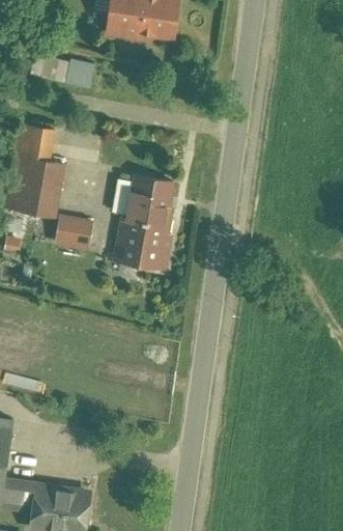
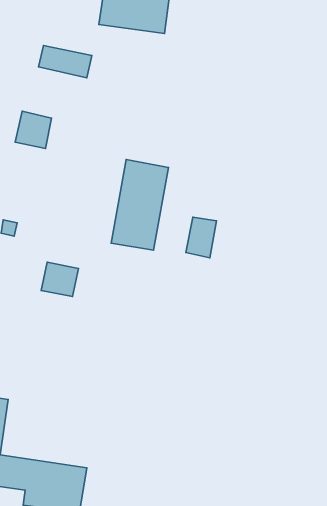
building: [8,155,66,216] -> none
building: [55,214,93,249] -> [41,262,79,297]
building: none -> [186,217,217,258]

